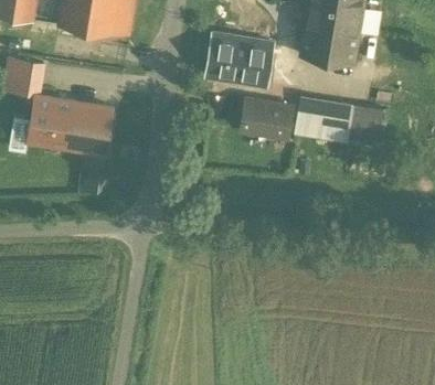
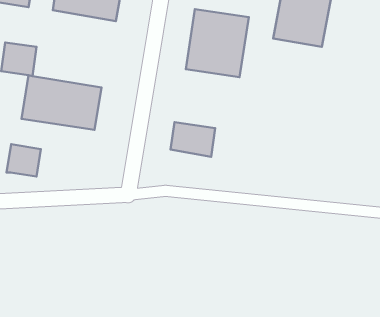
building: [294,96,382,149] -> none
building: [241,101,289,139] -> [170,122,215,157]
building: none -> [7,144,41,177]

